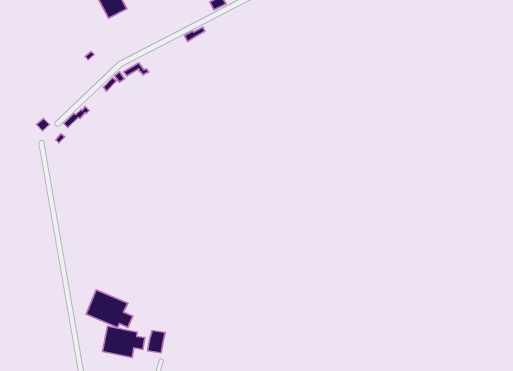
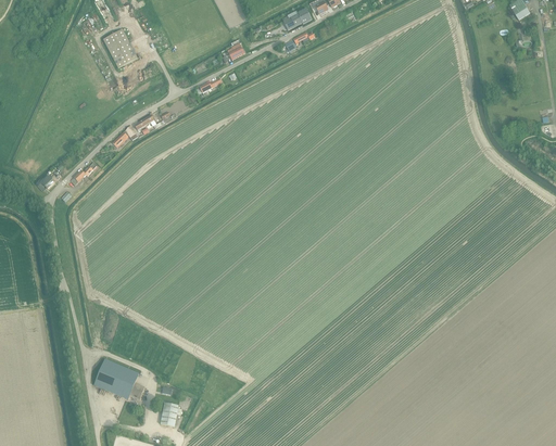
building: [102,326,145,358] -> none

